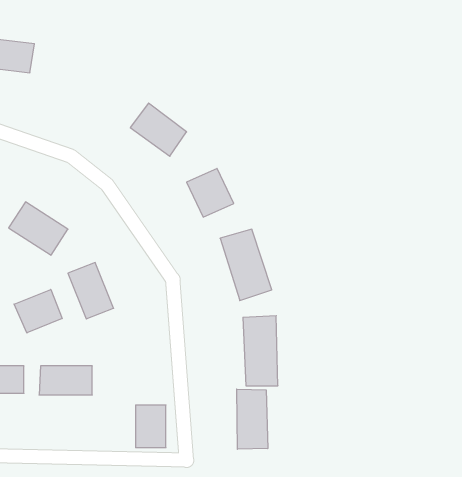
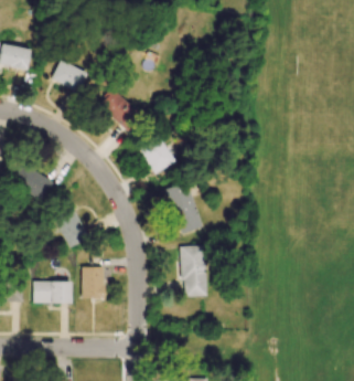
building: none -> [51,61,86,92]
building: [14,289,62,333] -> none
building: [237,389,268,449] -> none
building: [136,405,166,448] -> [83,267,105,298]

